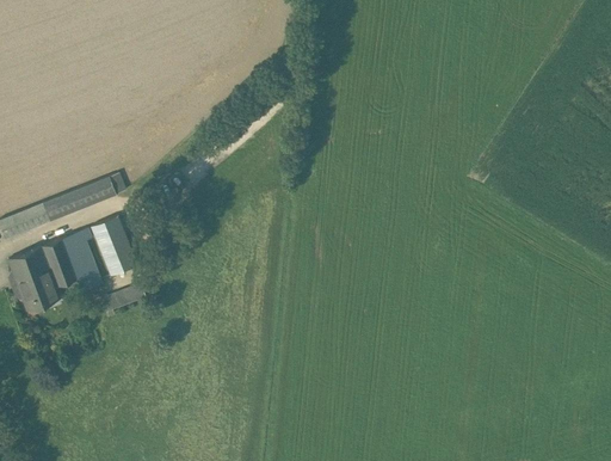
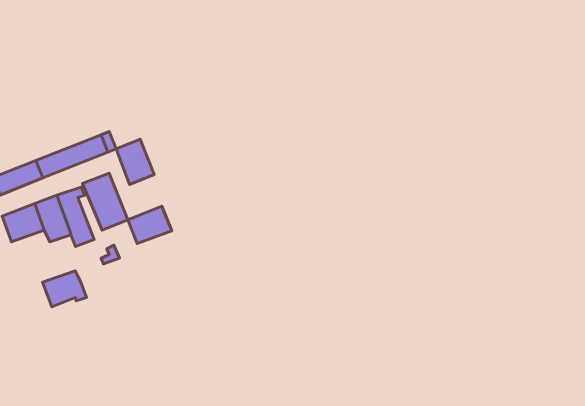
building: none -> [116,139,154,185]
building: none -> [128,206,172,244]
building: [17,275,62,312] -> [42,271,87,307]

